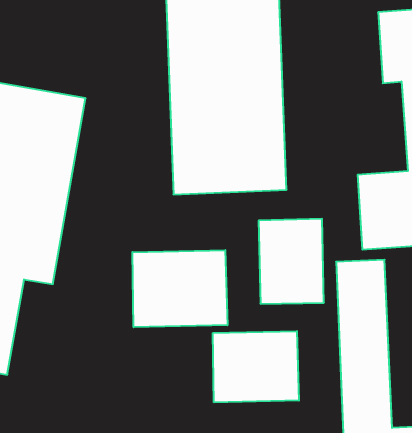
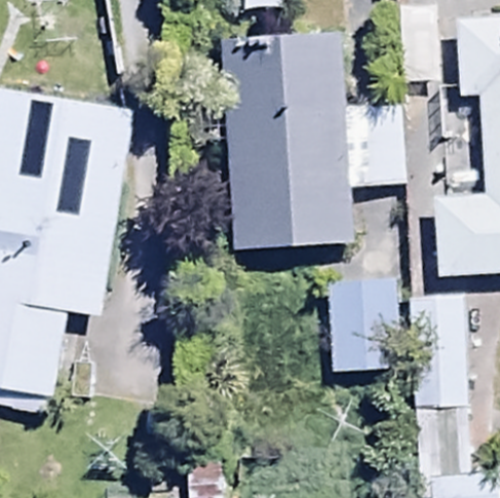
building: [132,250,227,327] -> none
building: [213,331,299,402] -> none

